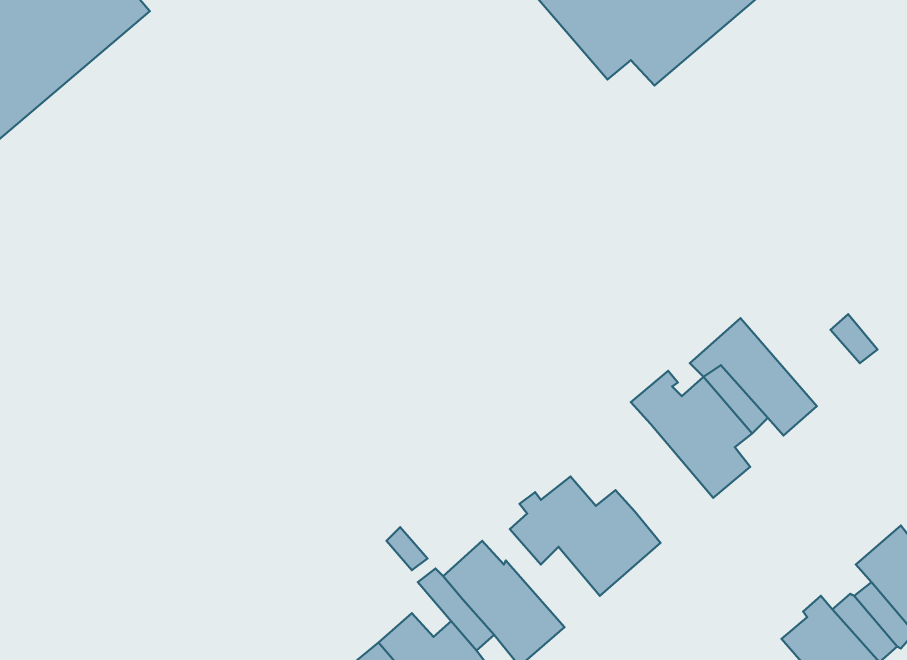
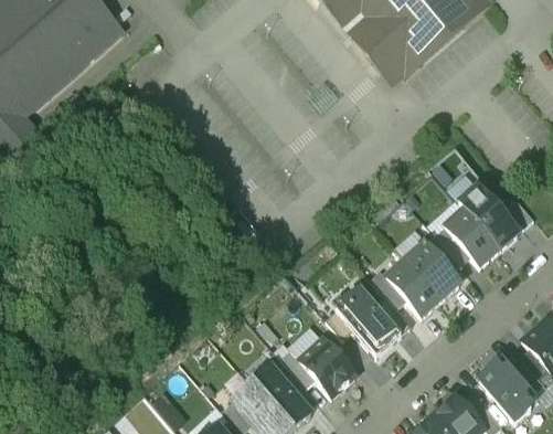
building: none -> [447,176,518,252]
building: none -> [370,262,439,319]

